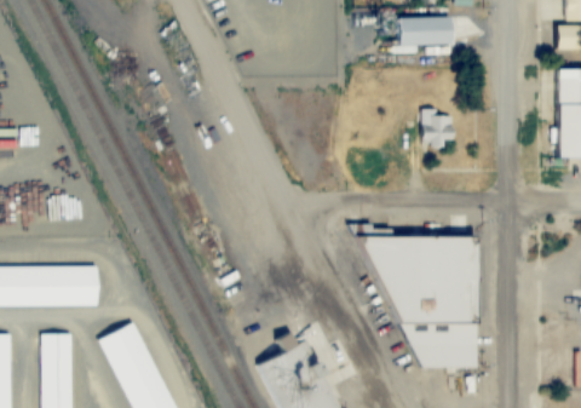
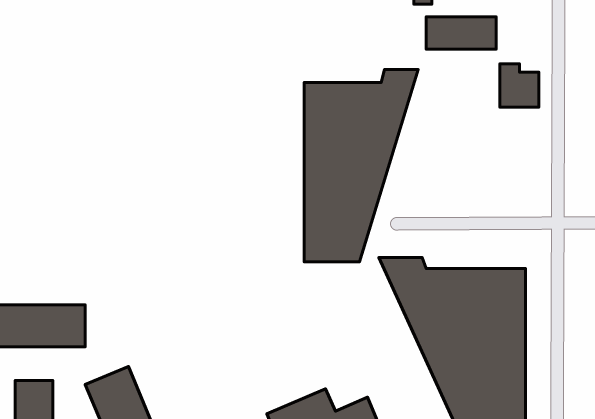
building: none -> [304,70,418,262]
building: [420,109,454,146] -> [500,64,539,107]

